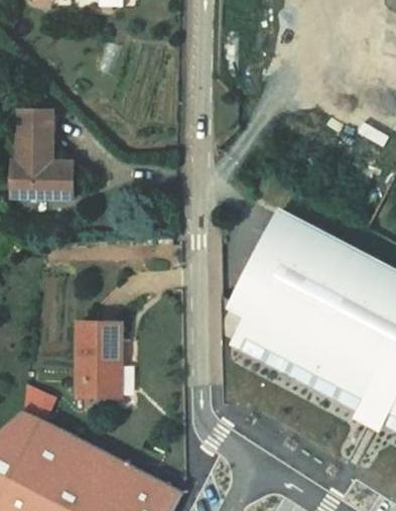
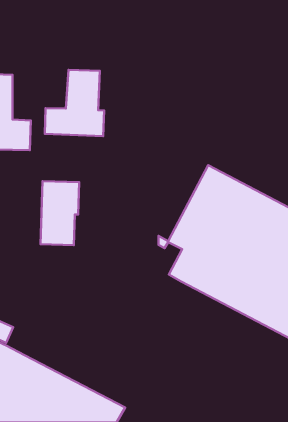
building: none -> [45,70,104,136]
building: [78,322,122,395] -> [41,181,79,245]

